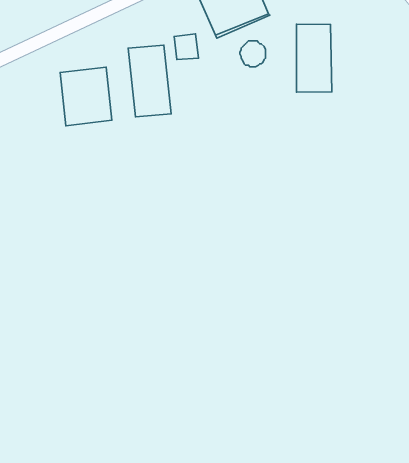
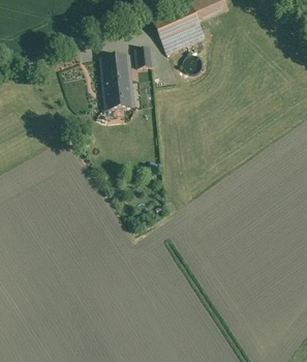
building: [296,24,332,92] -> none
building: [60,67,112,126] -> none

